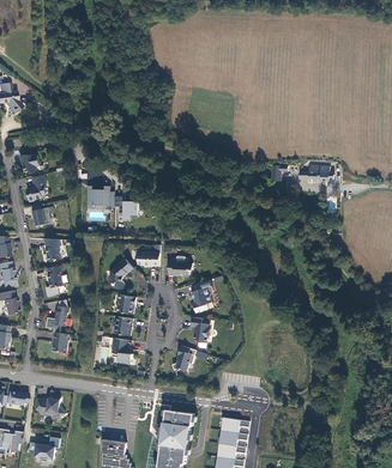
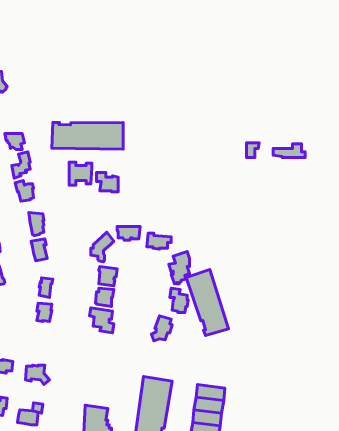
building: none -> [52,122,123,149]
building: none -> [186,270,229,335]

